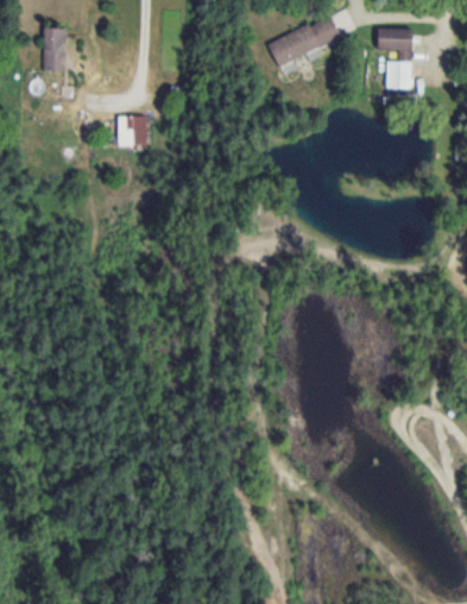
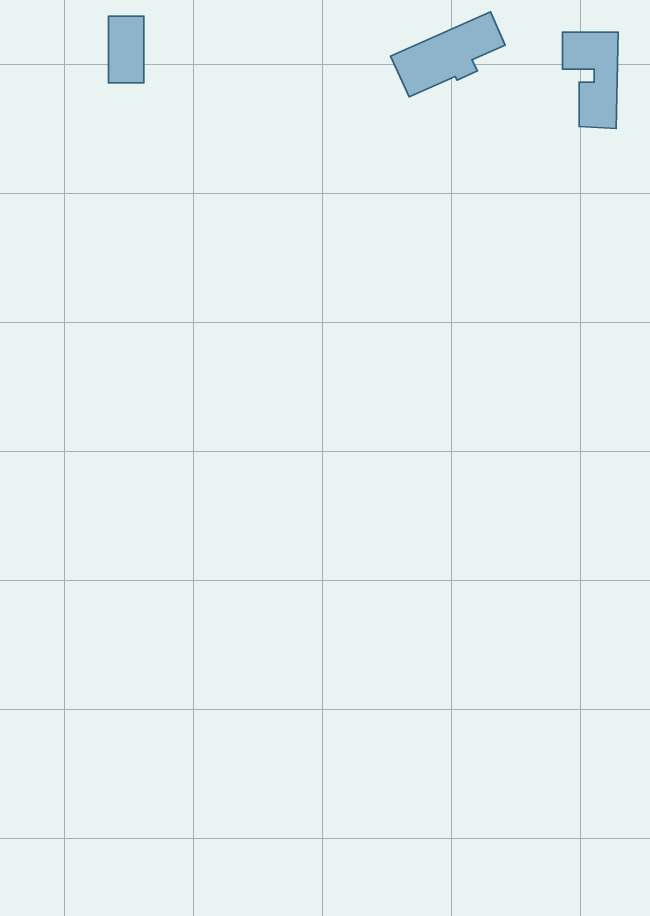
building: [43,30,65,73] -> [109,16,144,83]
building: [116,117,146,145] -> none

